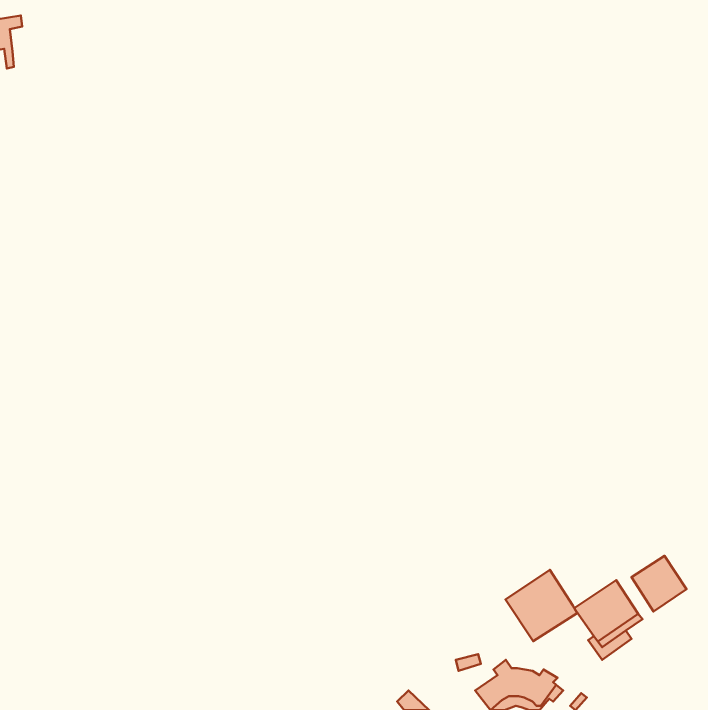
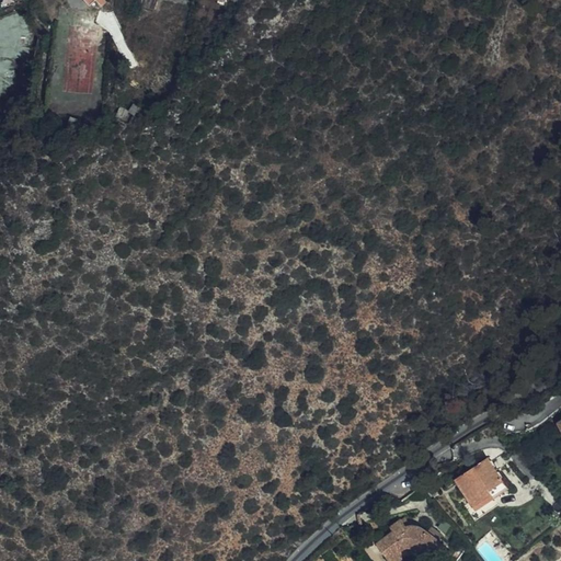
building: [632,556,687,611] -> none
building: [506,570,577,641] -> none

